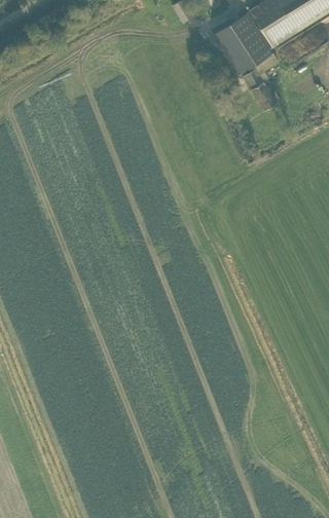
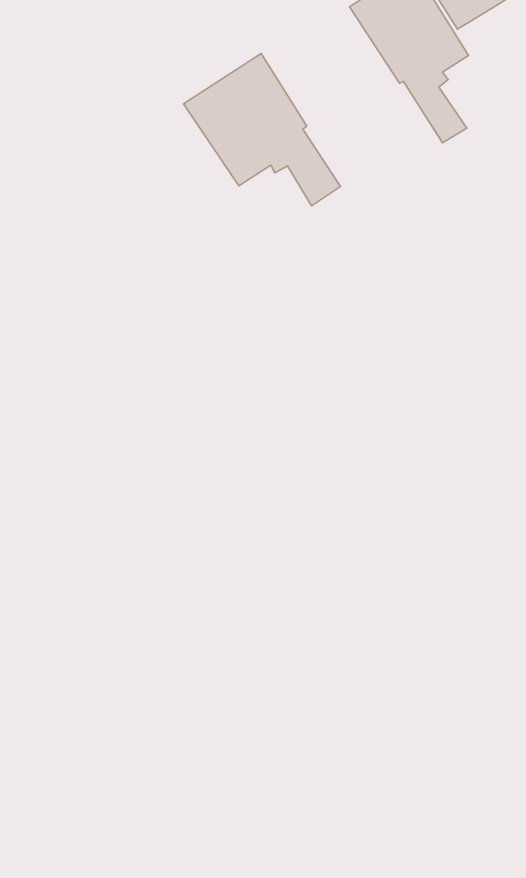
building: none -> [183,54,341,206]

